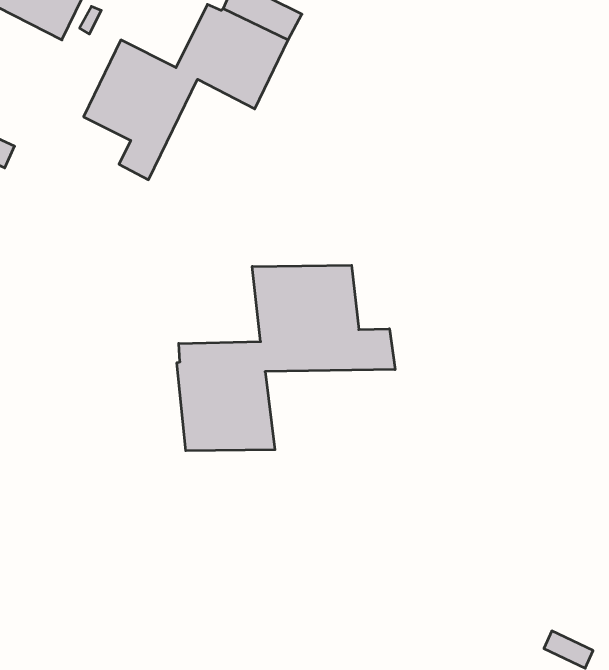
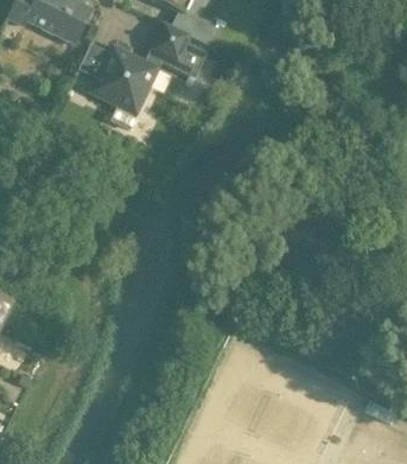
building: [177,265,395,451] -> none

